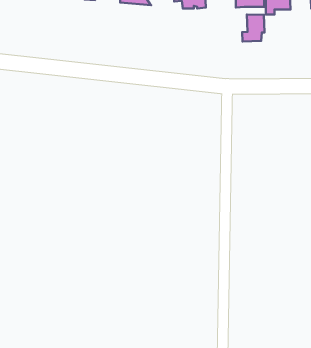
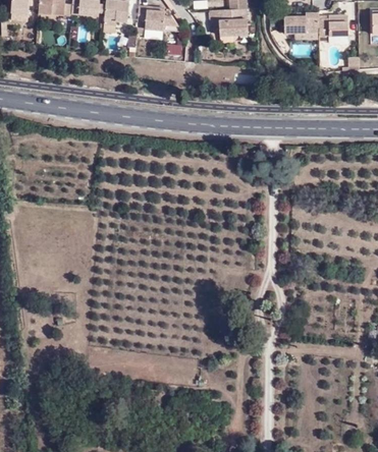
building: [242,14,264,41] -> none

